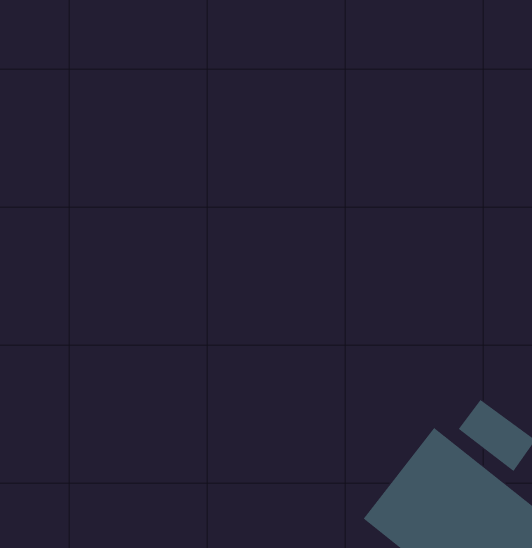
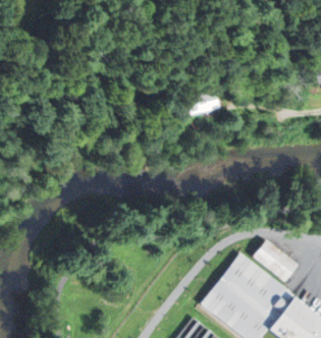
building: none -> [186,90,219,113]

